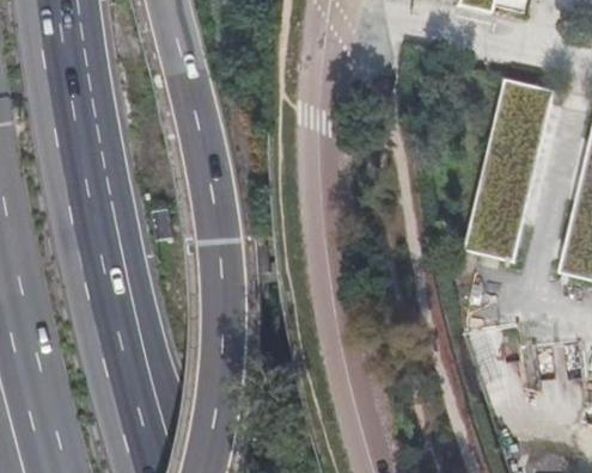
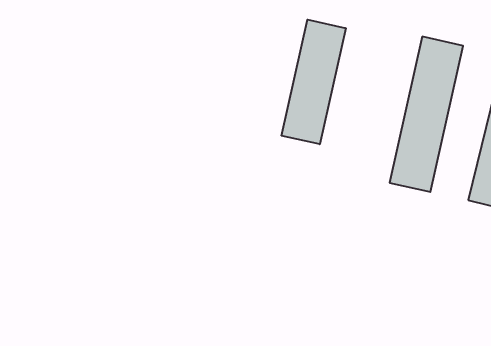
building: none -> [282,20,346,144]

